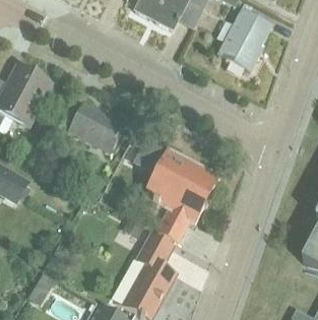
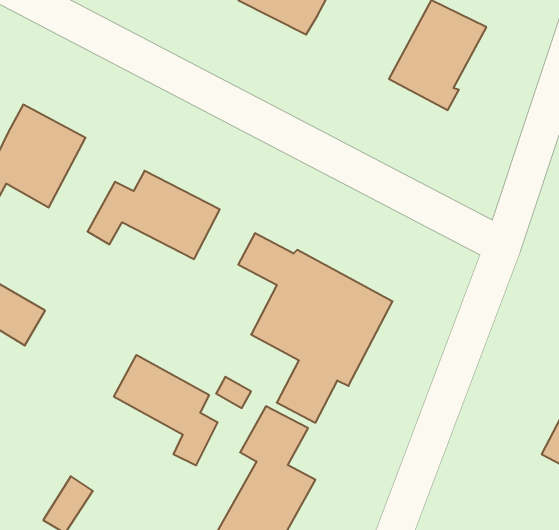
building: none -> [114,355,218,465]

